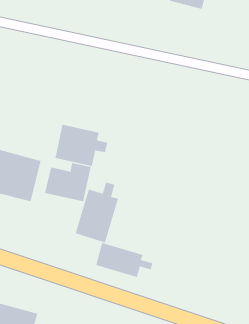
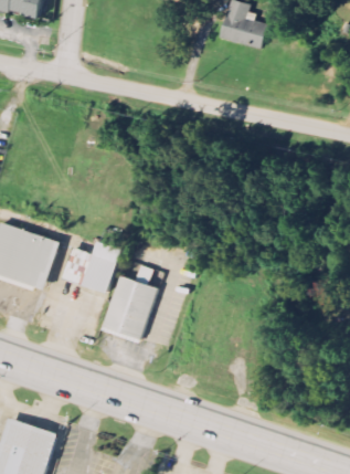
building: [55,124,108,167] -> none
building: [96,242,153,278] -> none

